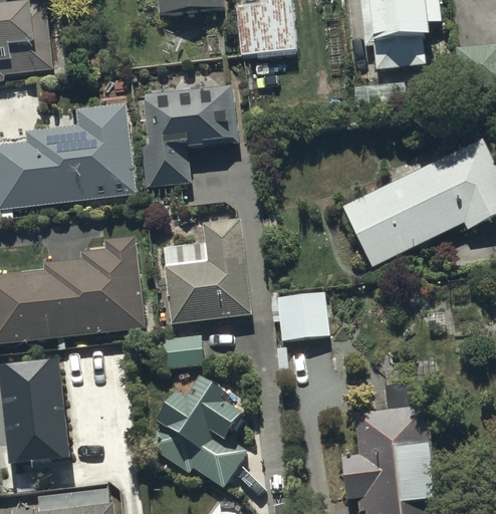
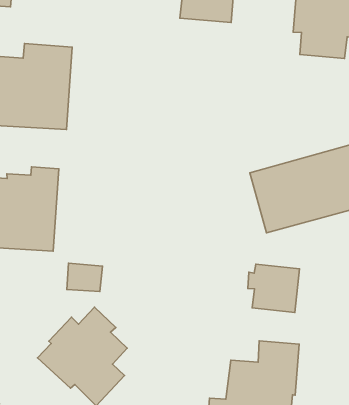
building: [140,83,237,188] -> none
building: [162,218,250,325] -> none
building: [271,288,328,339] -> [248,264,299,312]

